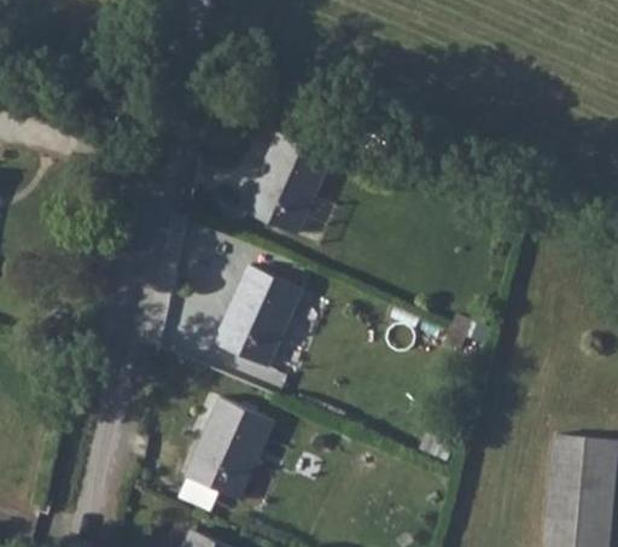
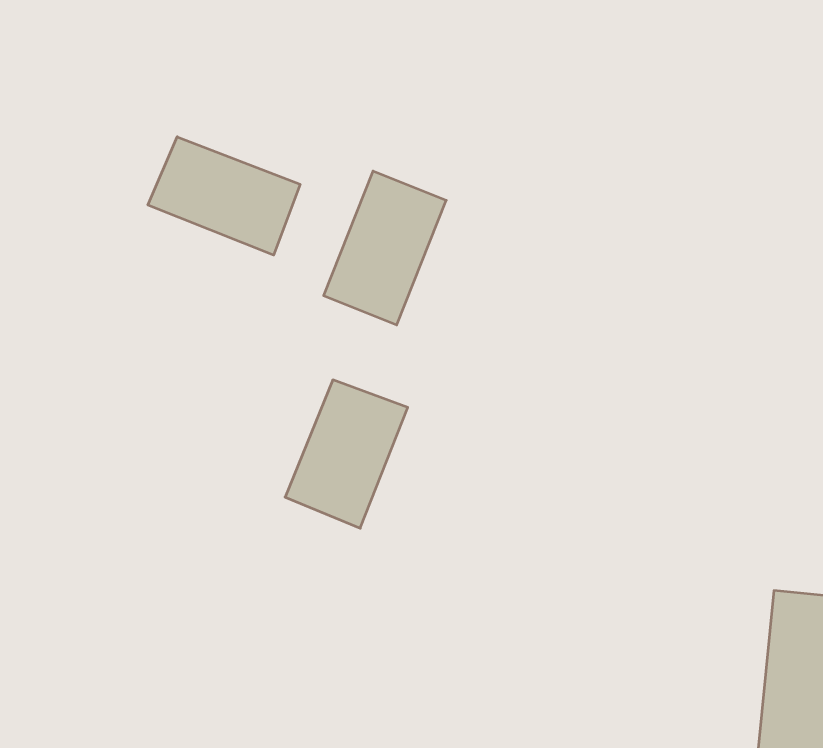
building: none -> [148,137,300,255]
building: [190,403,267,496] -> none

